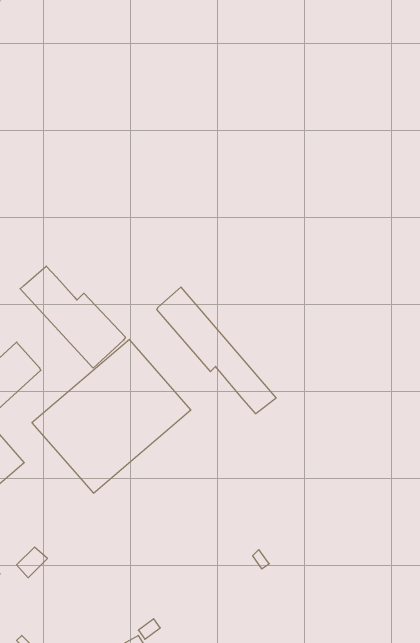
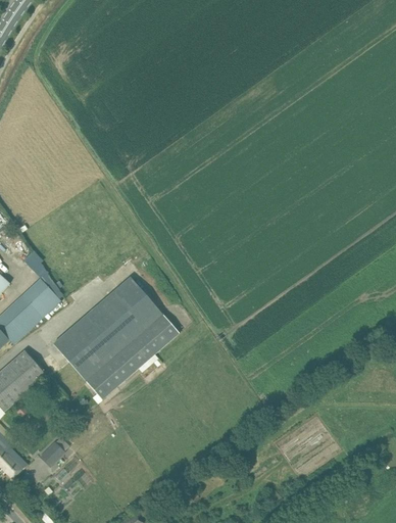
building: [20,266,125,368] -> none
building: [157,287,276,414] -> none

